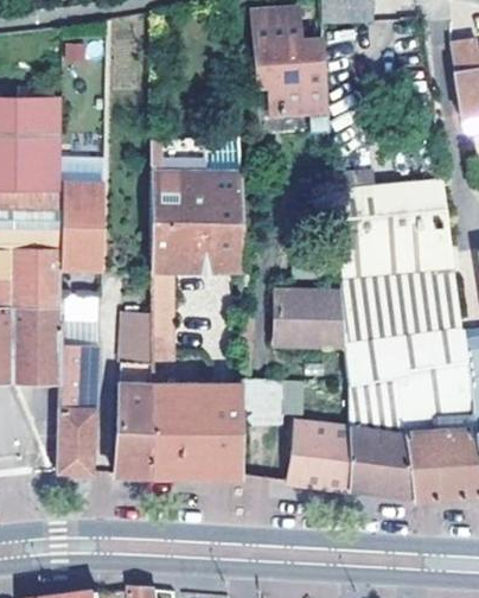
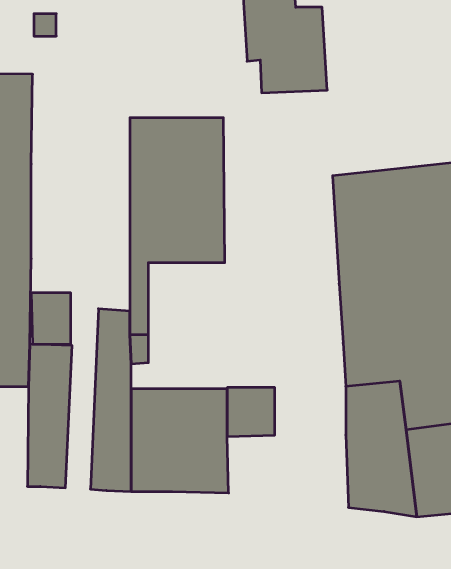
building: [63,182,106,268] -> none
building: [276,290,344,345] -> none
building: [287,425,349,491] -> none

